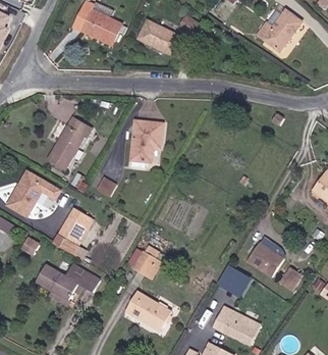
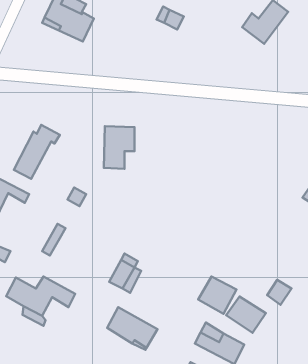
building: [142,21,180,53] -> none
building: [58,208,86,241] -> none
building: [247,243,283,276] -> [226,297,266,333]

